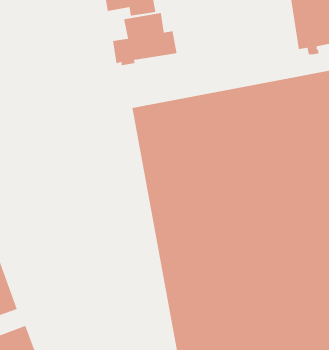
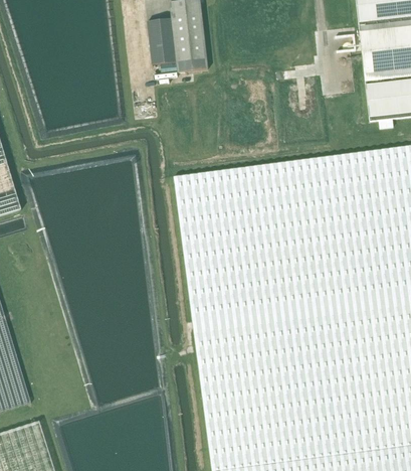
building: [112,12,178,66] -> none

